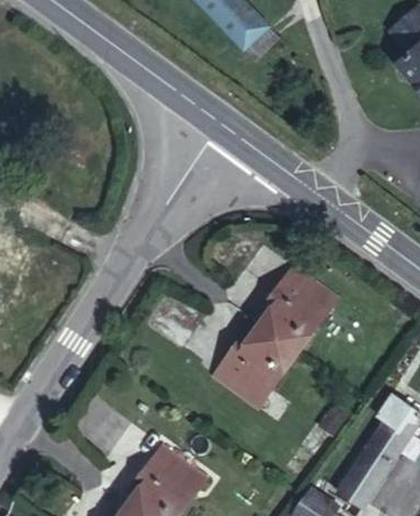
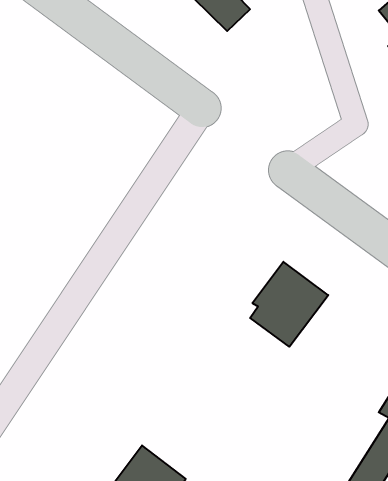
building: [219,325,299,403] -> none

